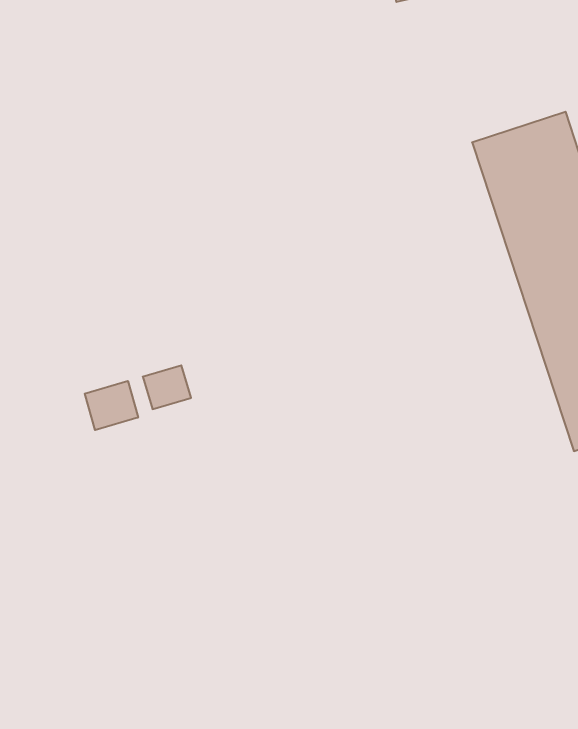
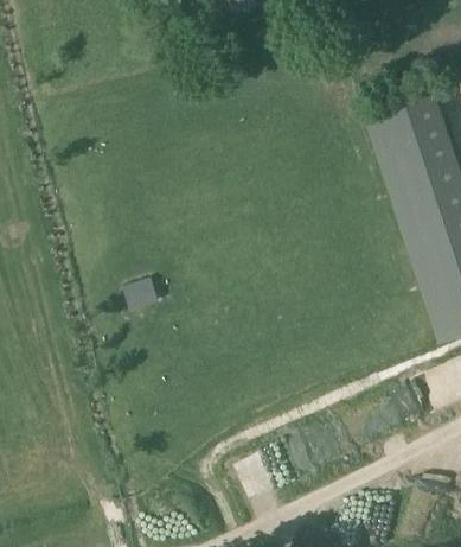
building: [85,381,138,430] -> none

